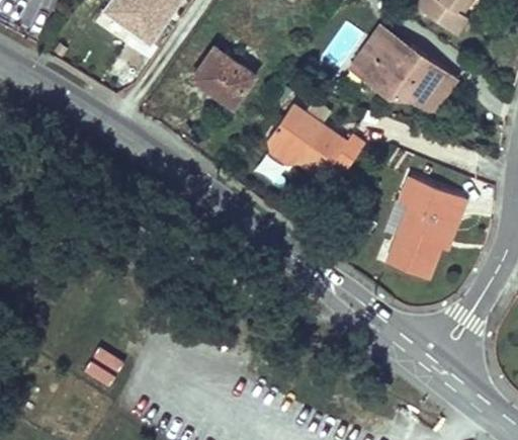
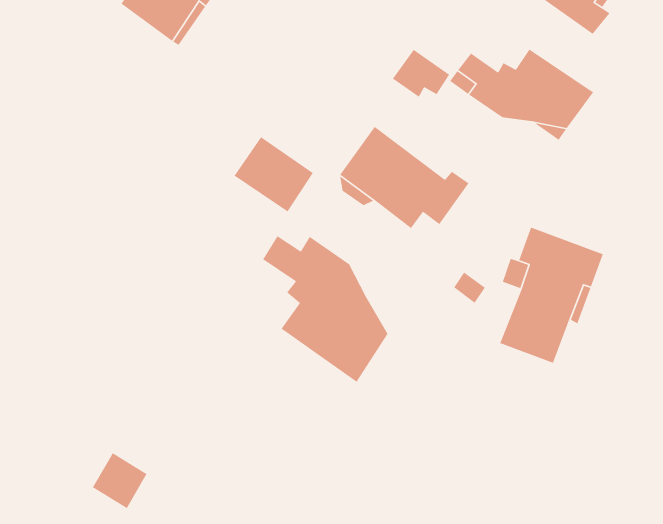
building: [366,25,410,62] -> [392,49,450,98]
building: [192,49,252,105] -> [234,136,314,212]
building: none -> [262,235,388,383]

